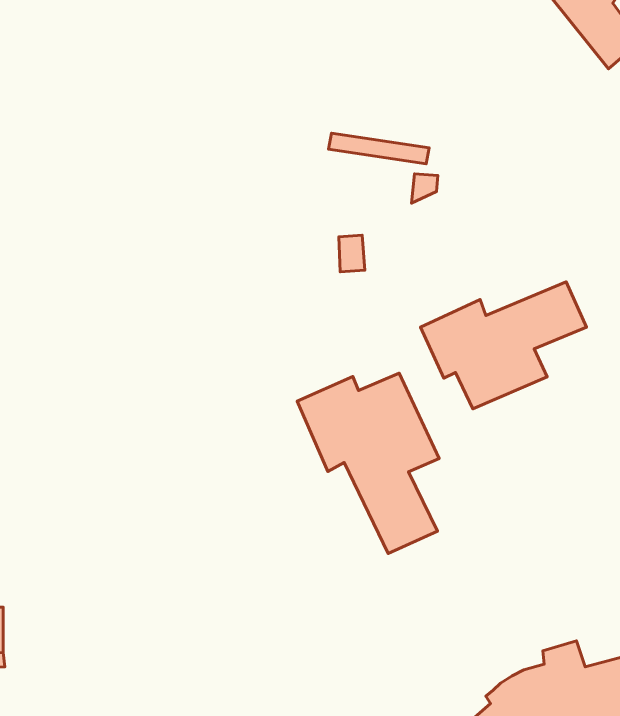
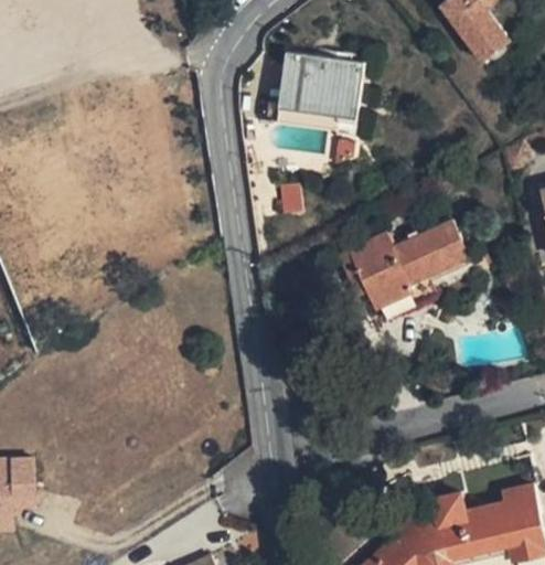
building: none -> [275,50,361,108]
building: [297,373,439,553] -> none

